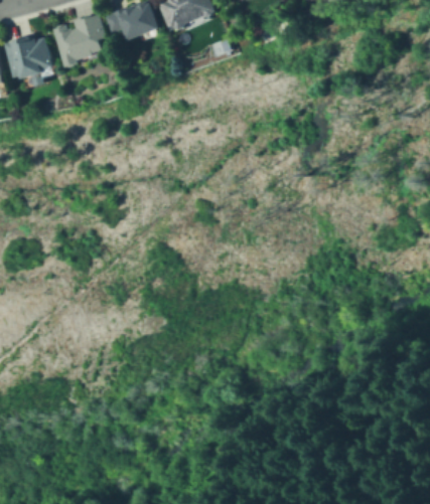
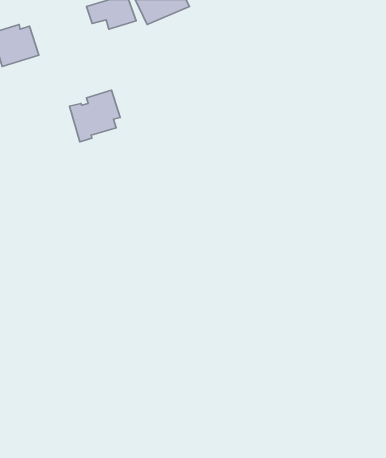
building: [52,12,107,67] -> [70,90,120,142]

